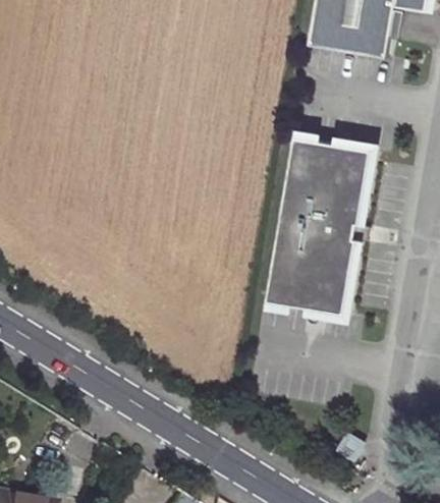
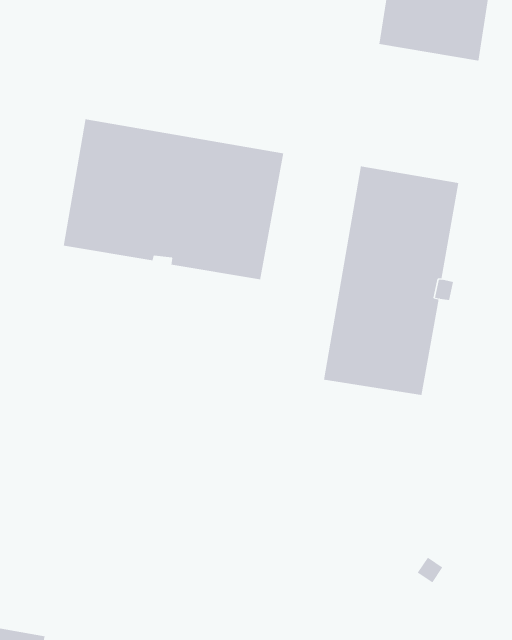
building: none -> [63,119,284,280]

